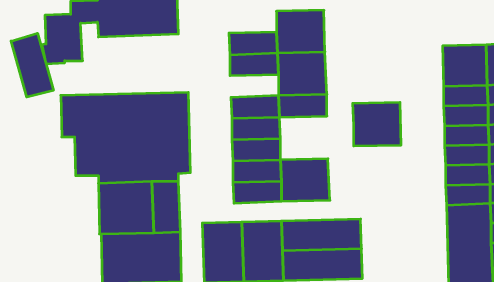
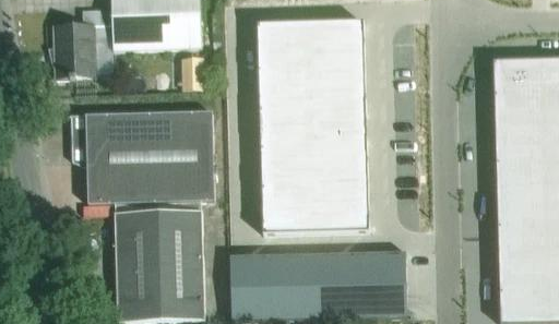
building: none -> [258,21,310,45]
building: [11,33,53,97] -> none
building: none -> [259,91,312,116]
building: [353,102,401,146] -> [313,136,367,184]

